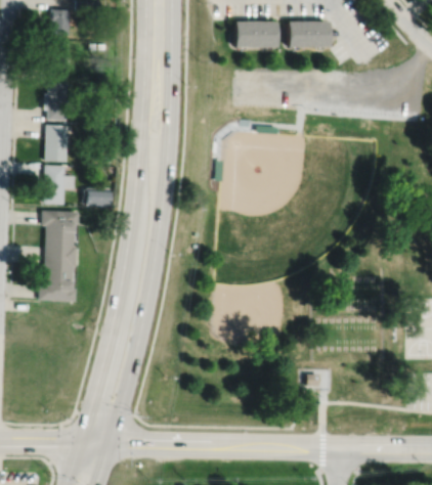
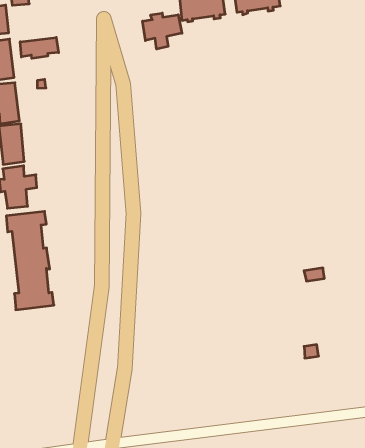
building: none -> [143,13,182,49]
building: none -> [20,37,59,58]
building: [86,186,112,205] -> none

